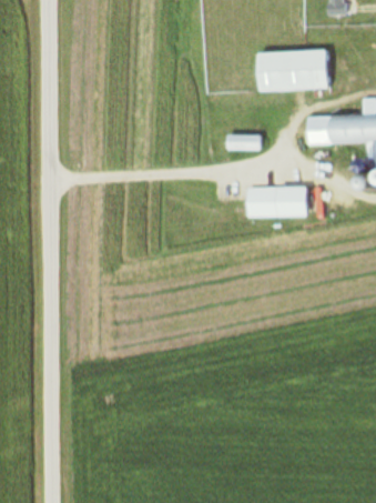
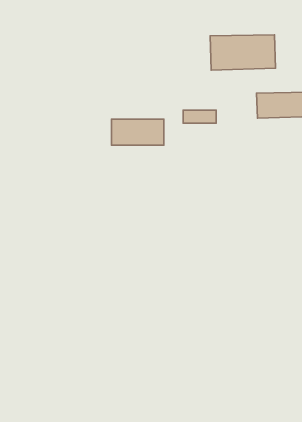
building: [247,189,305,218] -> [112,119,164,145]

